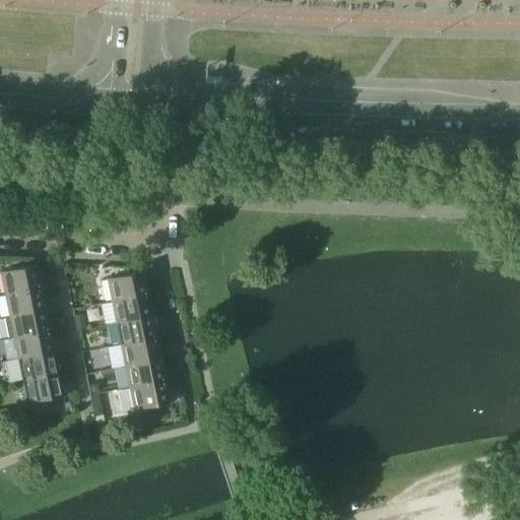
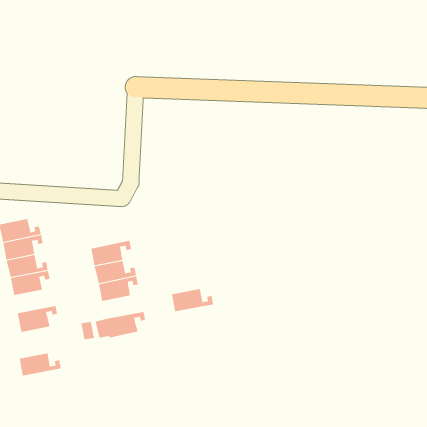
building: [105,272,157,303] -> none
building: [16,352,68,381] -> [19,353,61,376]
building: [123,360,175,388] -> [171,288,214,312]

